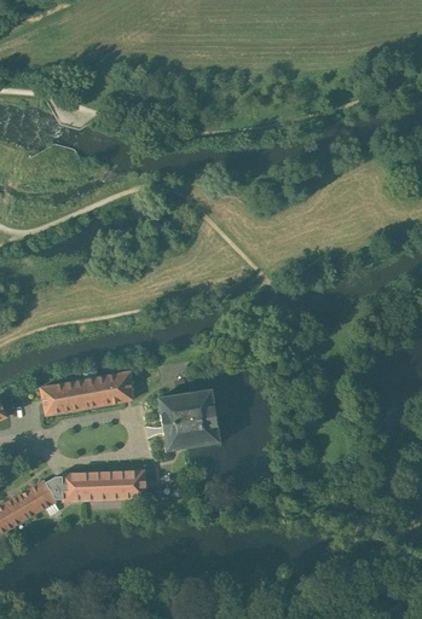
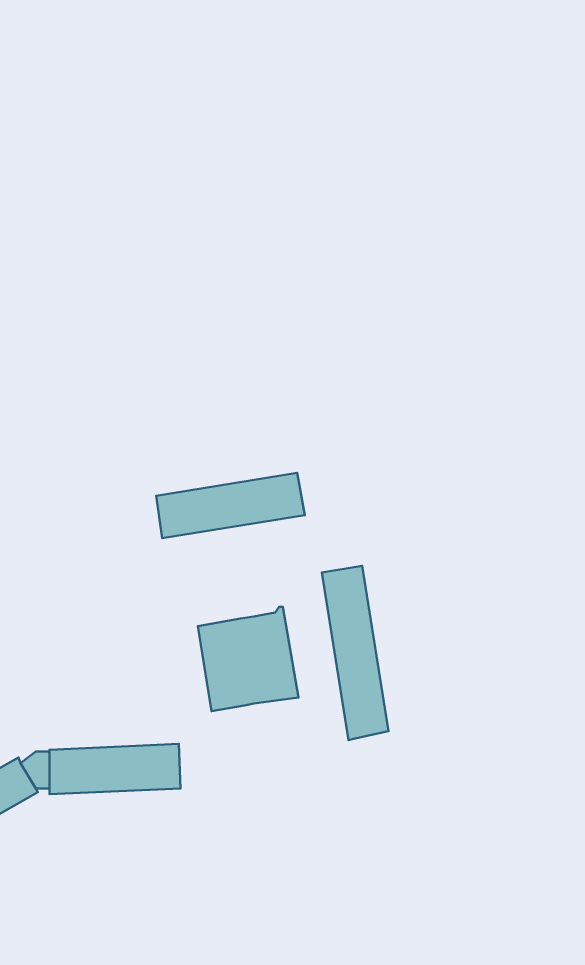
building: none -> [322,566,388,740]
building: [37,372,131,413] -> [156,473,305,538]

